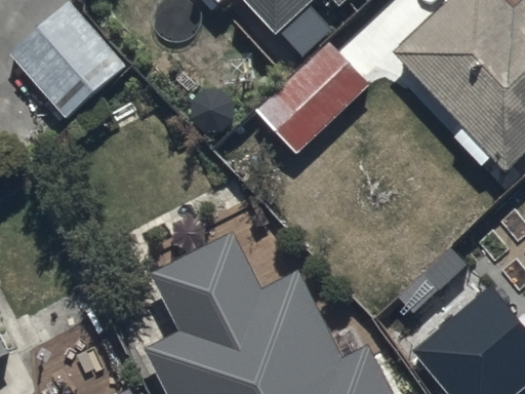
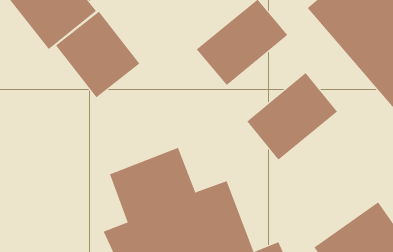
building: none -> [55,11,140,98]
building: none -> [246,72,338,160]

